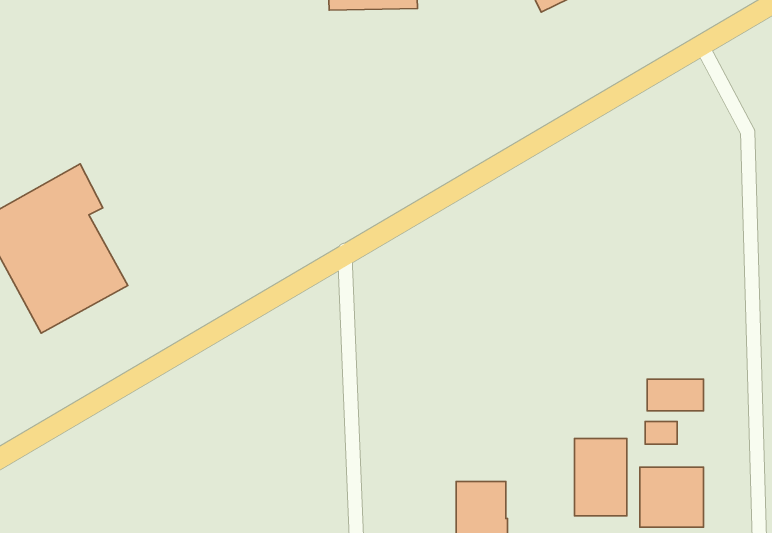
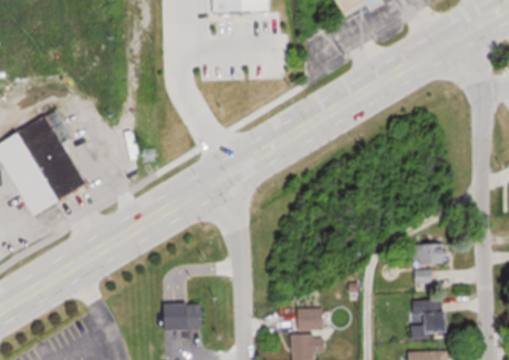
building: [575,438,627,516] -> none
building: none -> [165,304,204,329]

